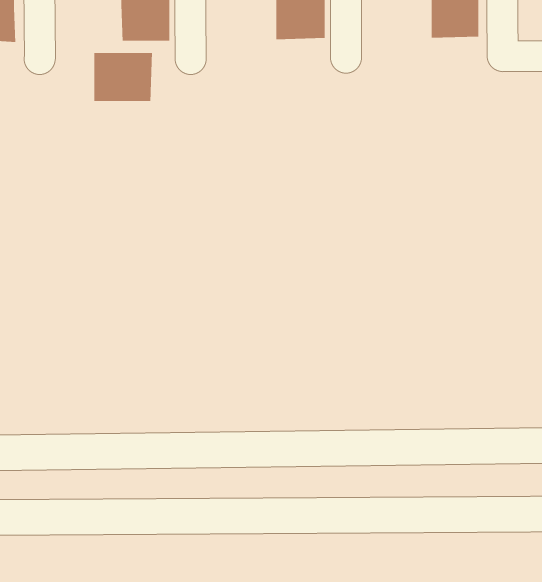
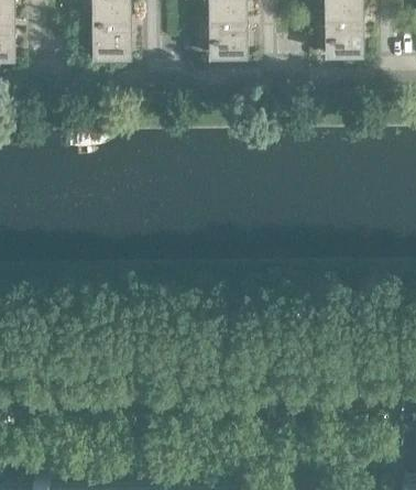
building: [94,52,153,102] -> none

